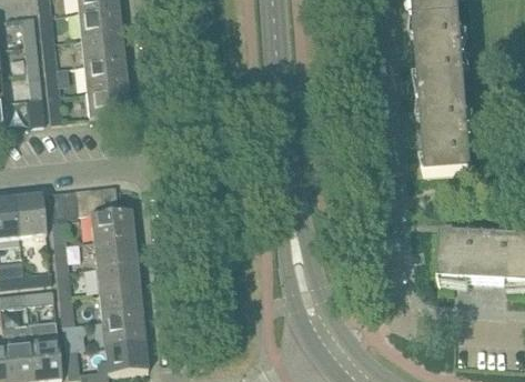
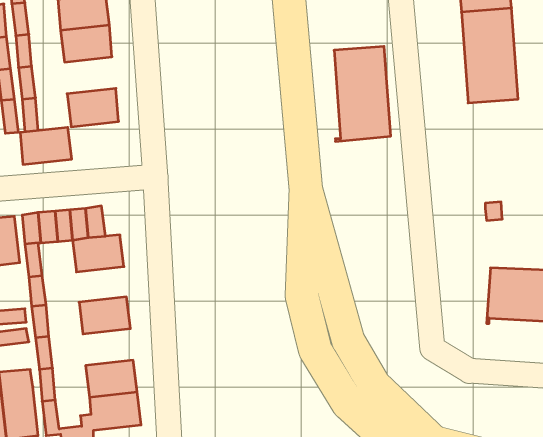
building: [83,59,127,90] -> [20,127,72,164]
building: [423,94,471,174] -> [334,46,391,141]
building: [93,235,135,265] -> none
building: [99,288,141,319] -> none

